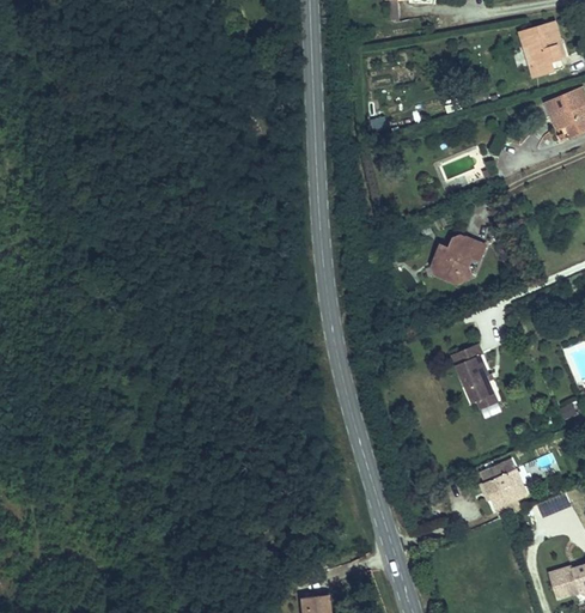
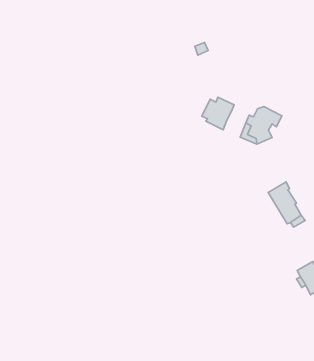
building: none -> [202,97,234,130]

